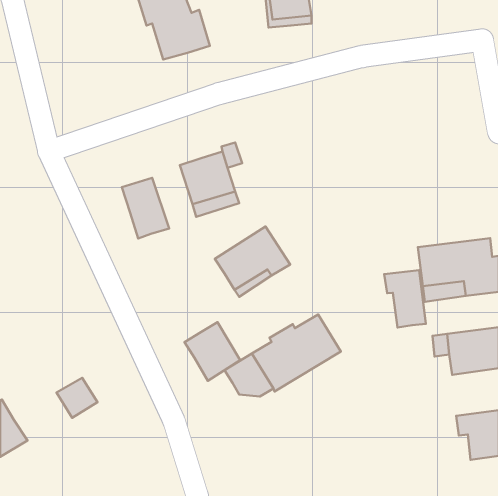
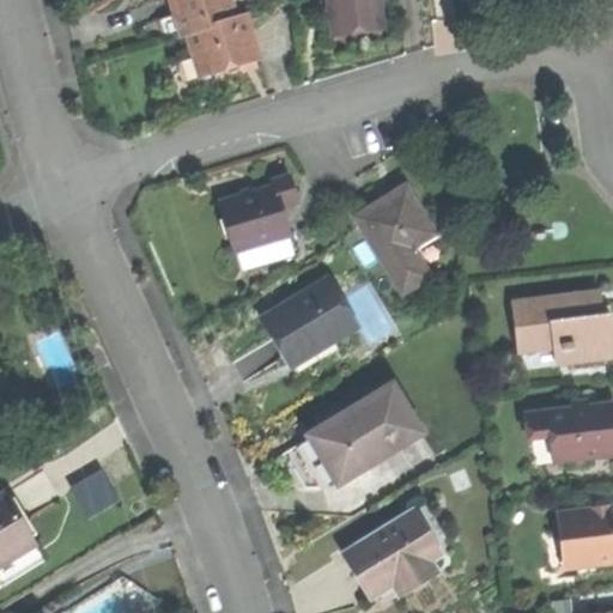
building: none -> [357,186,436,292]
building: [122,178,169,238] -> none
building: [384,270,426,327] -> none
building: [184,322,240,381] -> none
building: none -> [342,510,439,596]

